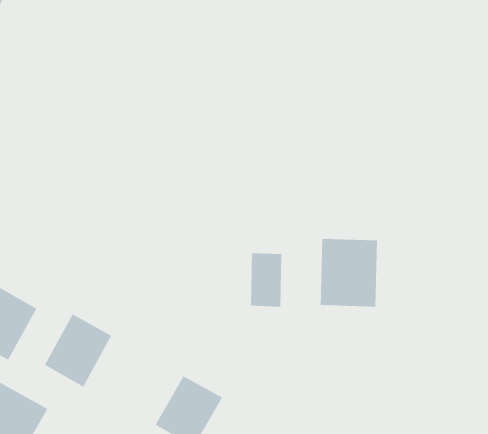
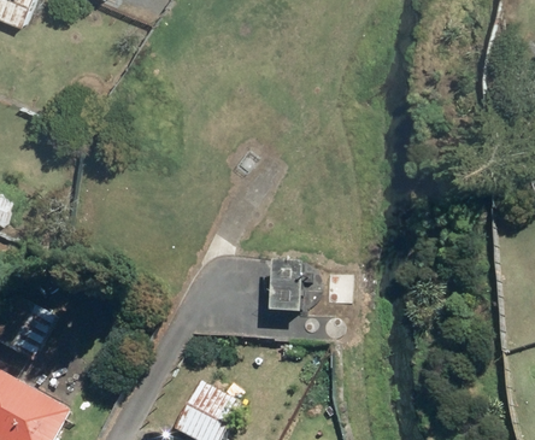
building: [320,238,377,307] -> none
building: [44,314,112,387] -> none

